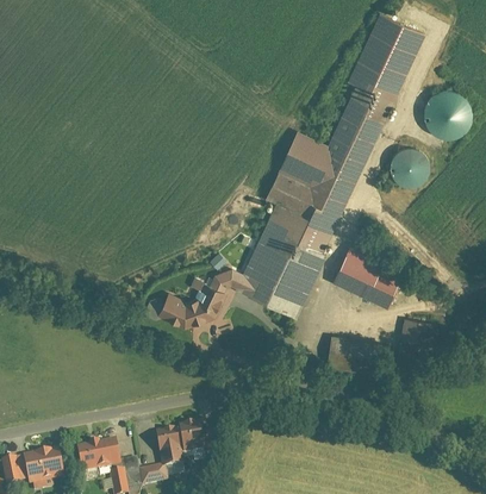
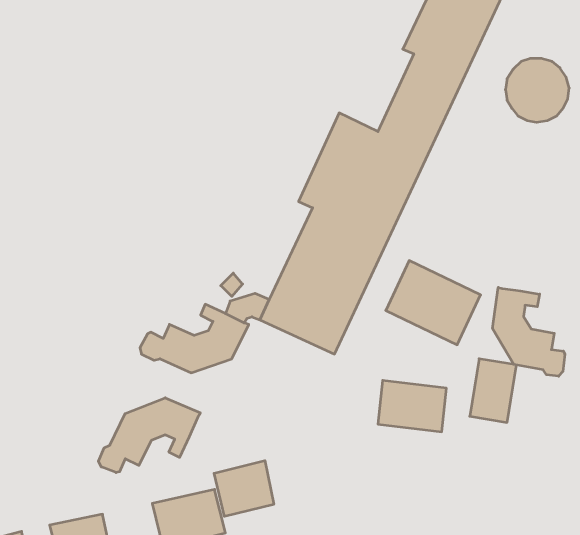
building: [392,145,434,187] -> none
building: none -> [493,287,565,376]
building: none -> [98,398,200,473]
building: none -> [214,461,274,516]

